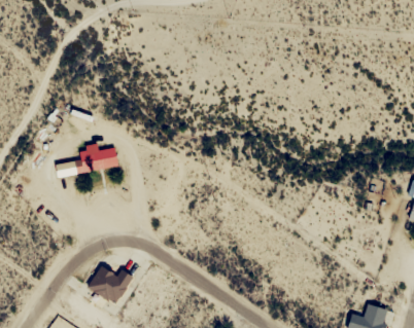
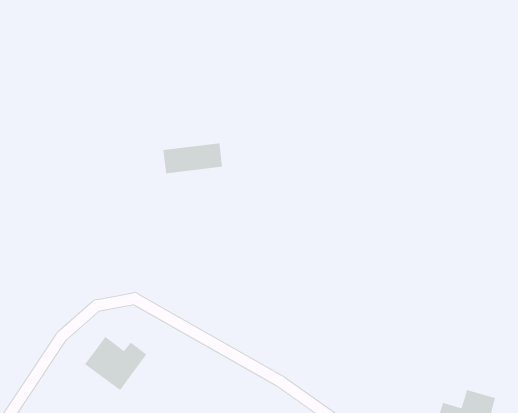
building: [73,150,117,173] -> [163,143,223,174]

